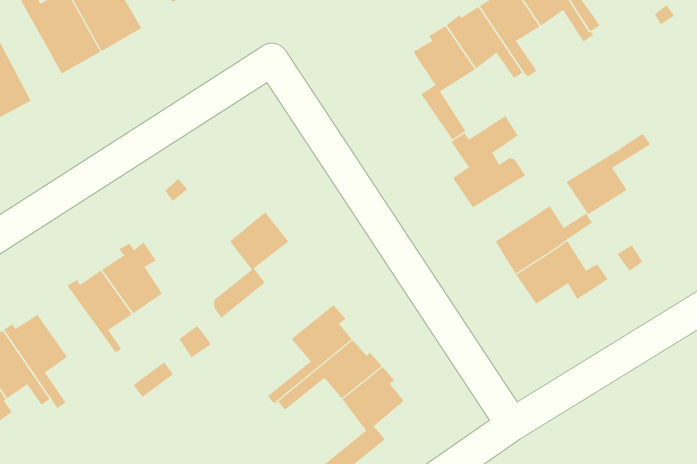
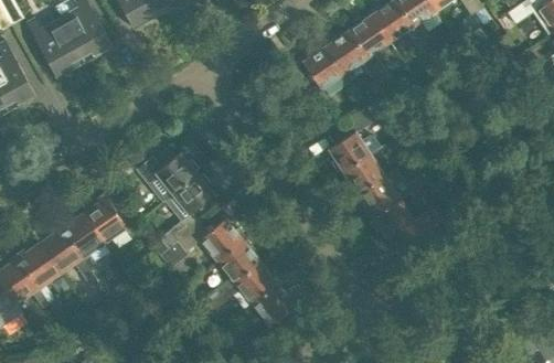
building: [566,133,651,215] -> [343,136,403,193]
building: none -> [139,150,199,193]
building: none -> [169,217,246,261]
building: none -> [40,224,97,285]

